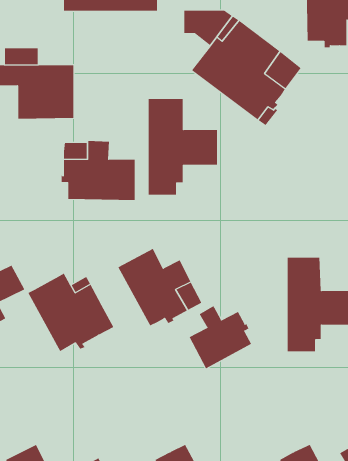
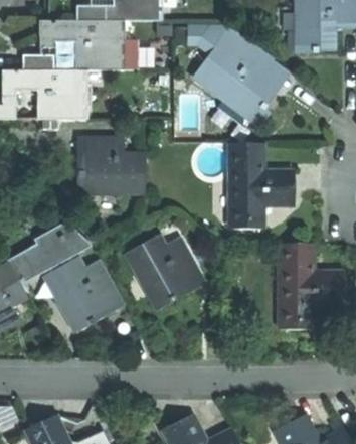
building: none -> [40,21,138,69]
building: [148,98,218,195] -> [230,142,294,230]
building: none -> [31,223,92,273]
building: [189,305,252,369] -> none

